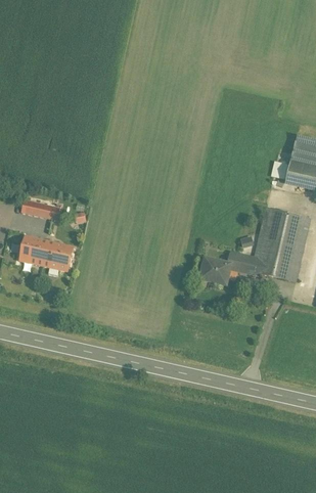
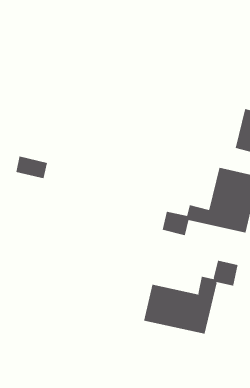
building: [18,233,74,270] -> none
building: none -> [143,260,238,335]

